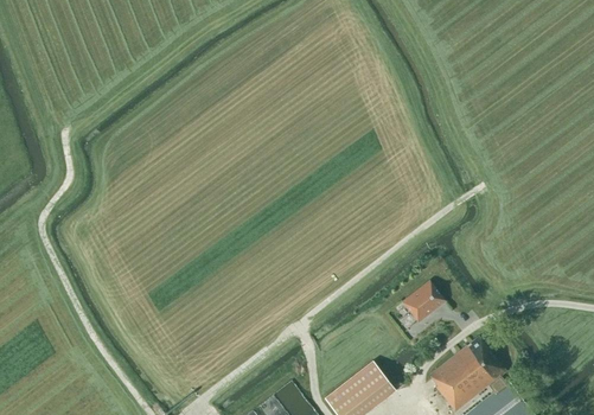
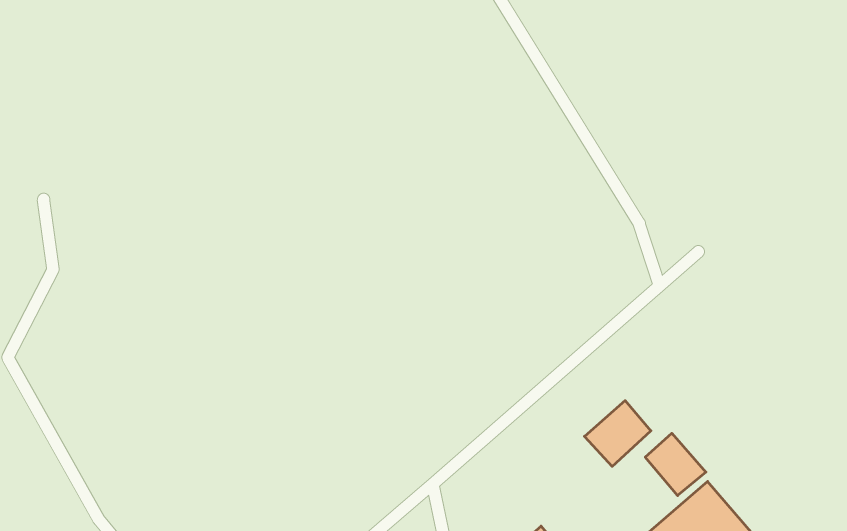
building: none -> [645,433,706,496]

